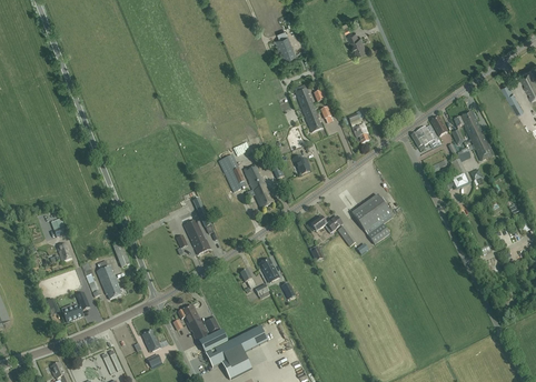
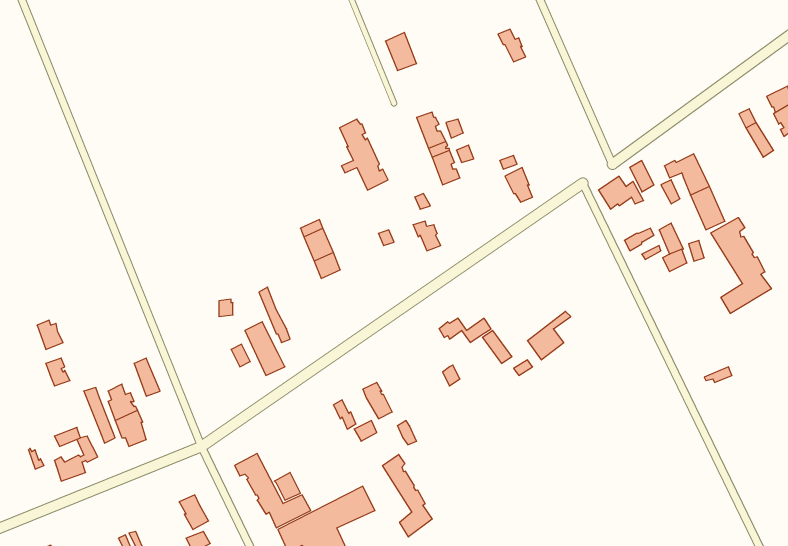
building: none -> [711,218,771,313]
building: [244,163,275,209] -> [340,119,388,190]
building: [353,194,390,232] -> none
building: none -> [383,454,432,537]

